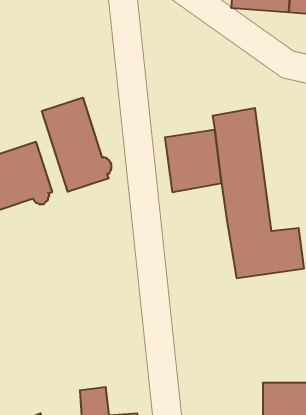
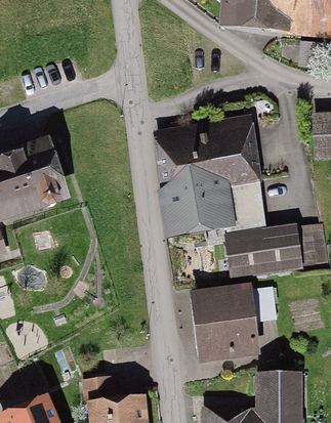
building: [42,98,111,192] -> none
building: none -> [166,186,223,228]
building: none -> [195,287,276,356]

